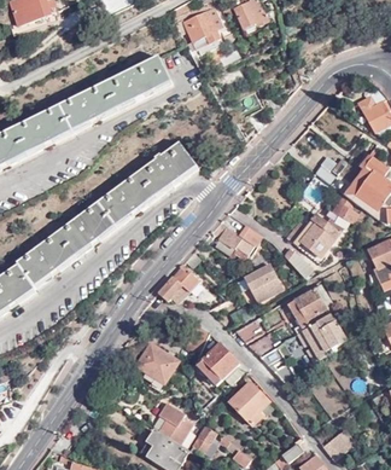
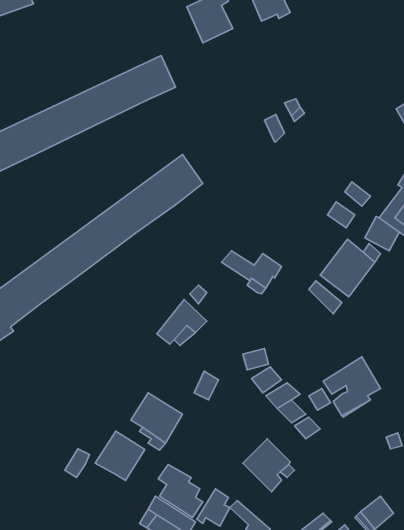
building: [235,262,282,302] -> none
building: [281,284,333,336] -> none
building: [197,340,241,382] -> none
building: none -> [95,431,145,480]

